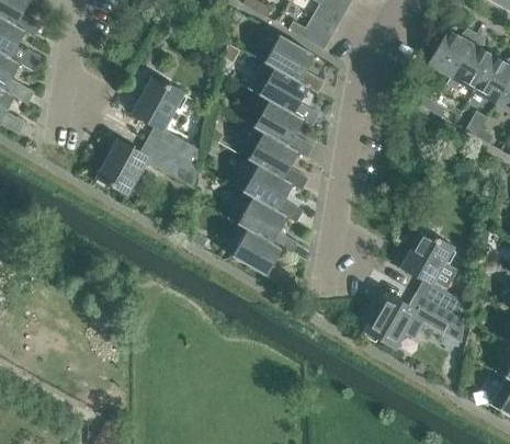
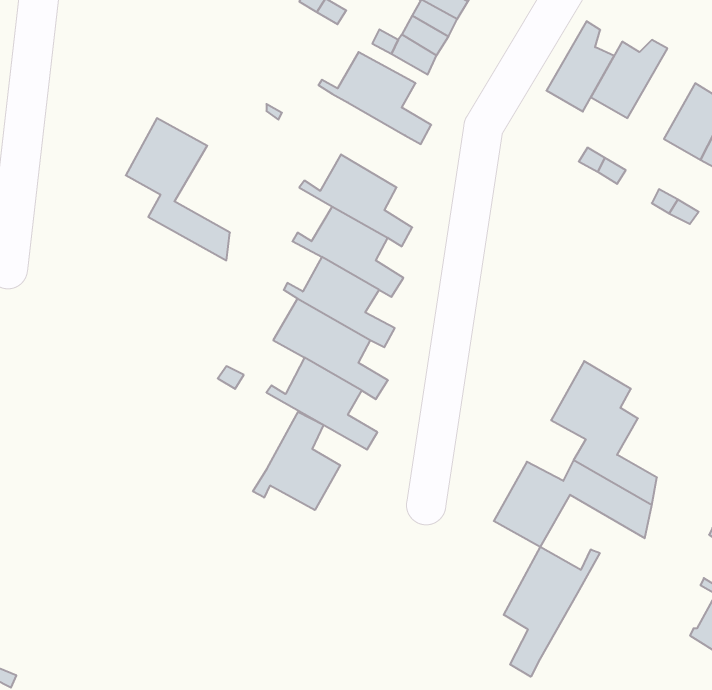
building: [450,33,492,90] -> [546,21,614,112]
building: [248,61,320,126] -> none
building: [97,139,196,194] -> none
building: none -> [253,412,340,510]
building: none -> [504,547,600,677]

